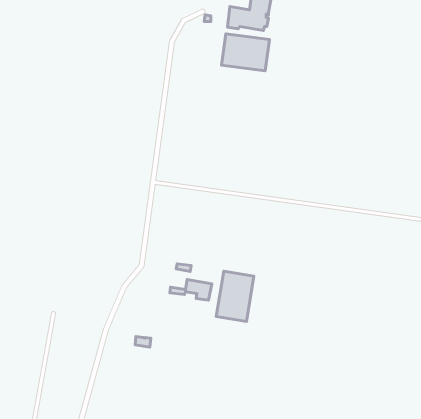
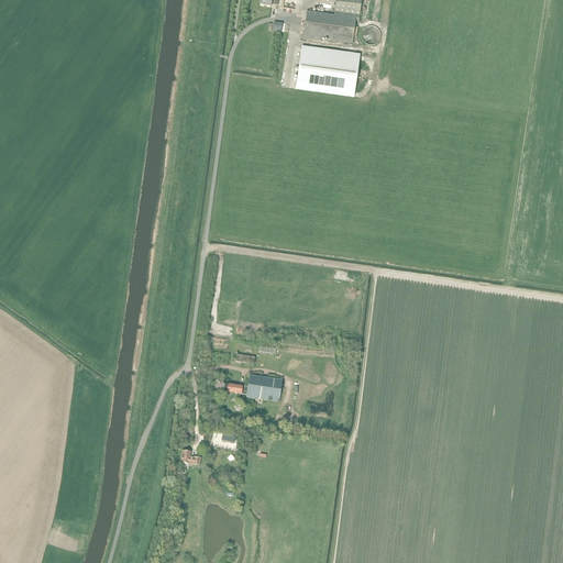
building: [216,271,254,322] -> none

